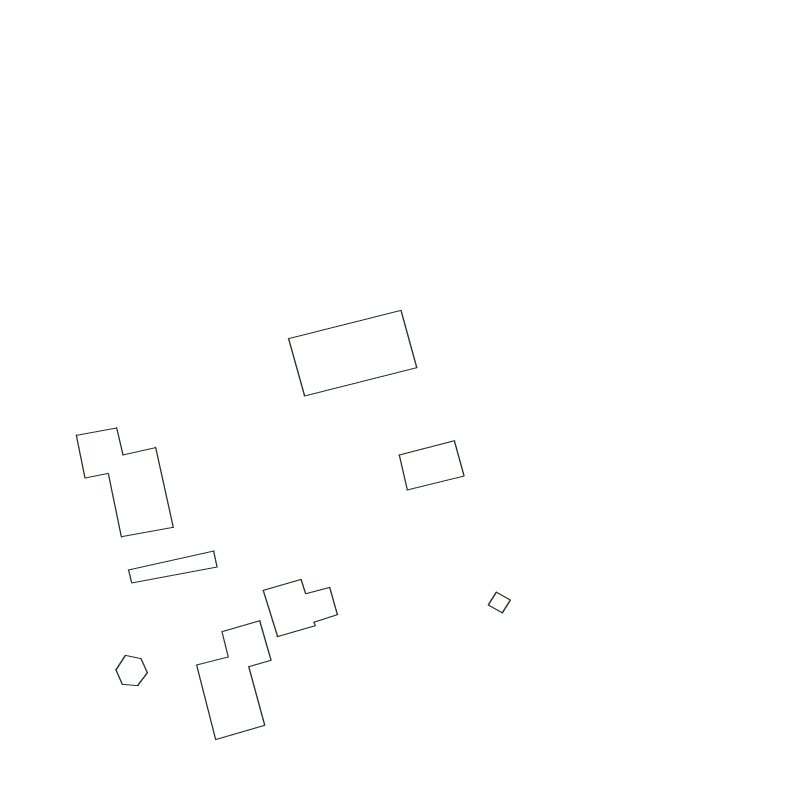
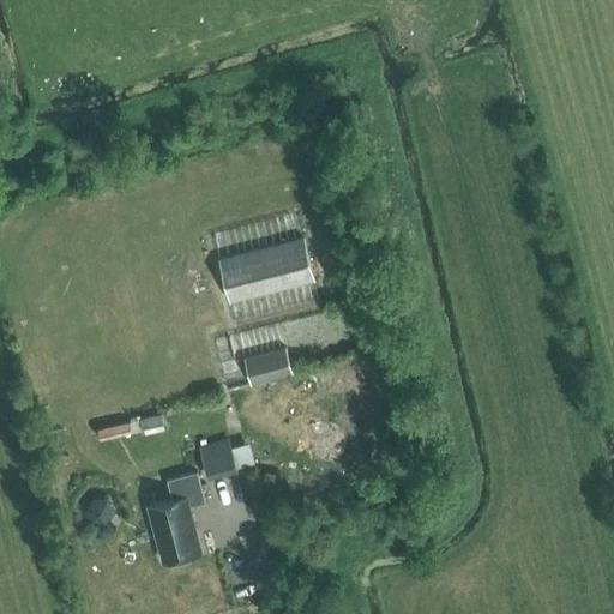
building: [77,428,173,537] -> none
building: [399,441,464,490] -> [245,348,294,385]

